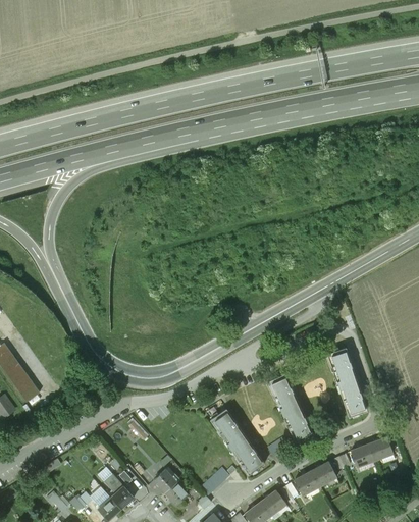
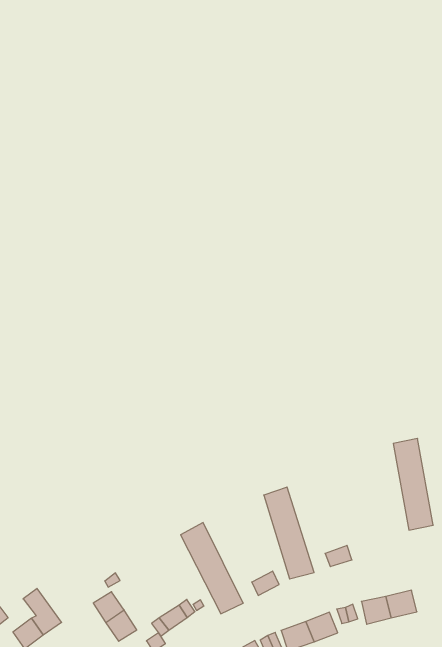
building: [328,348,366,416] -> [393,438,433,530]

